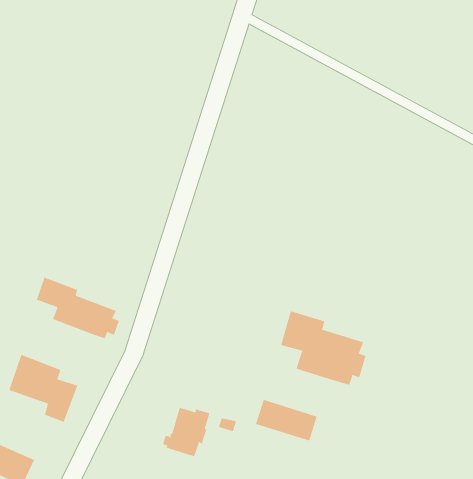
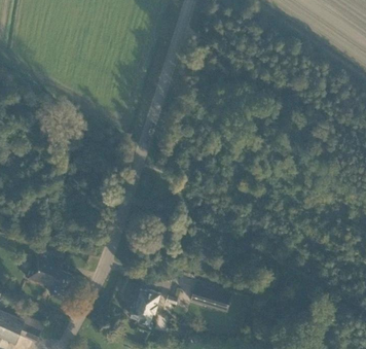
building: [36,277,119,339] -> none
building: [280,311,366,386] -> none

